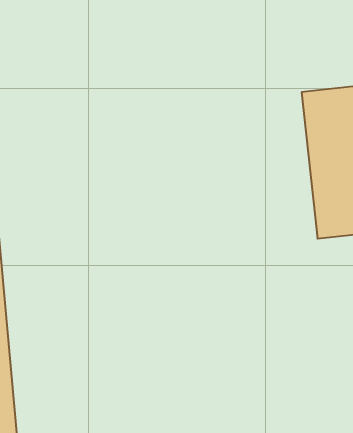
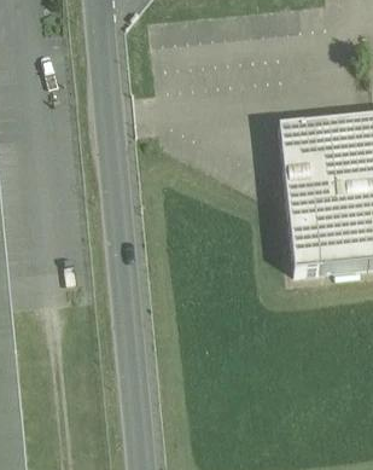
building: none -> [278,118,317,267]

